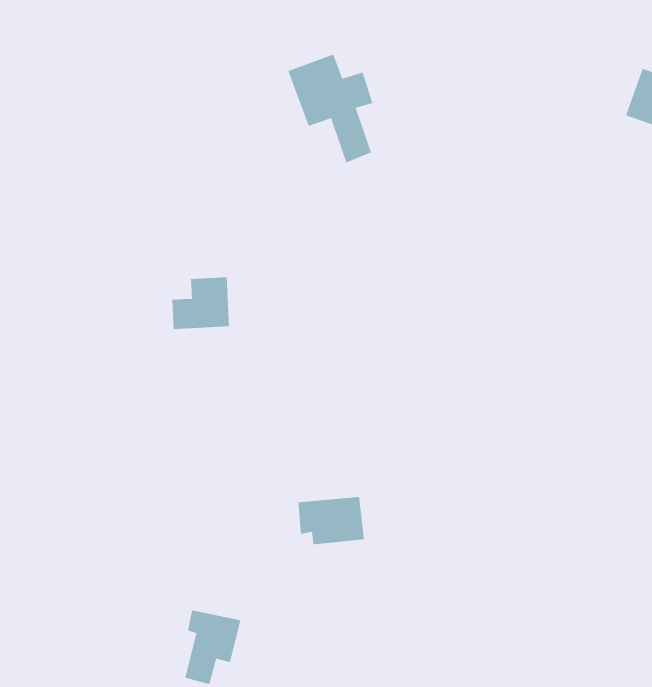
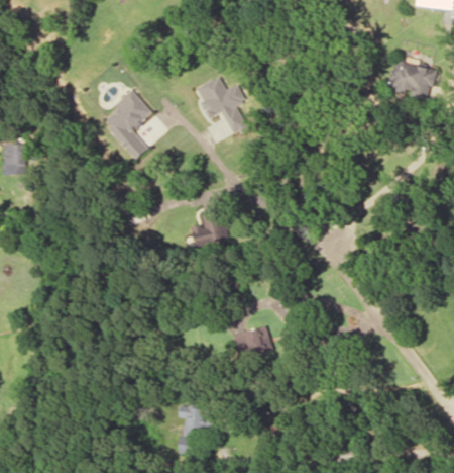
building: none -> [103,89,152,159]
building: [172,277,230,330] -> [191,211,226,246]

